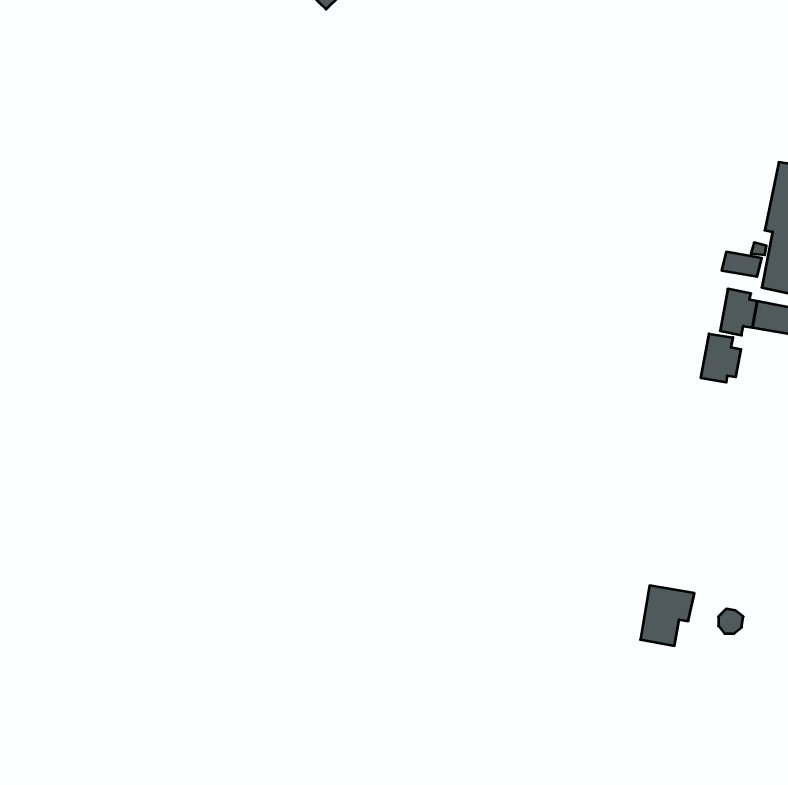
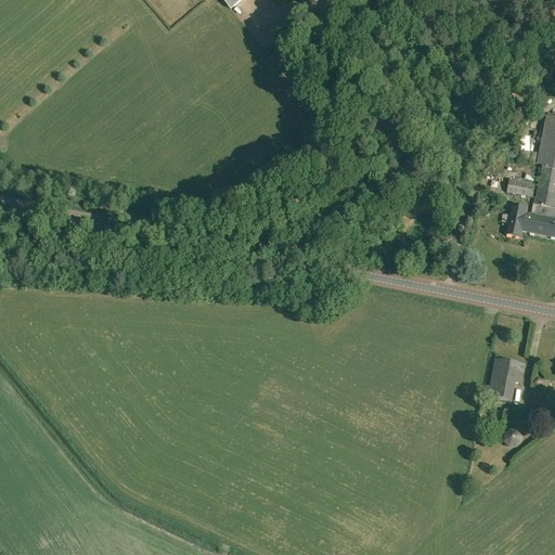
building: [701,334,741,382] -> none
building: [640,586,694,646] -> [489,357,527,399]

